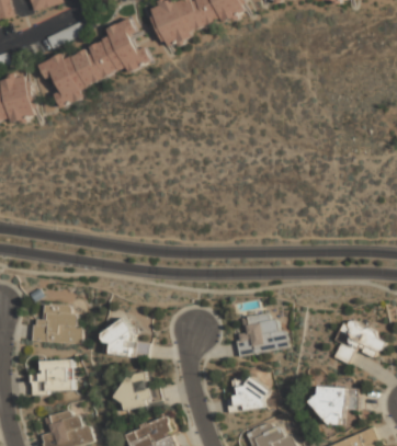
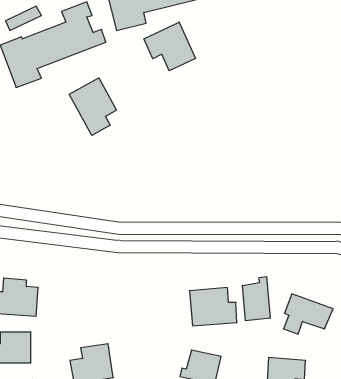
building: none -> [144,22,195,71]
building: none -> [69,78,117,135]
building: none -> [242,277,270,321]
building: [104,321,150,357] -> none

